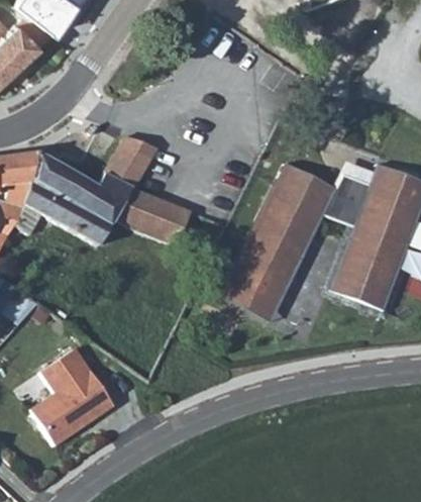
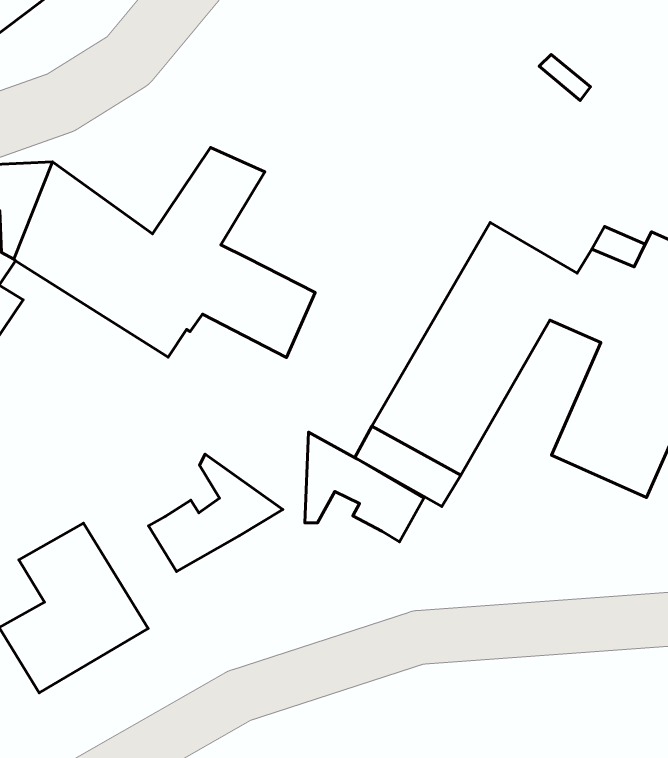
building: none -> [305,432,424,542]
building: none -> [148,454,283,572]

